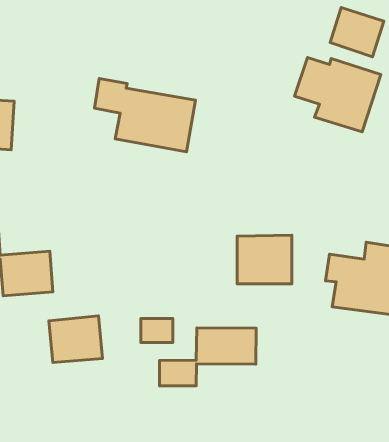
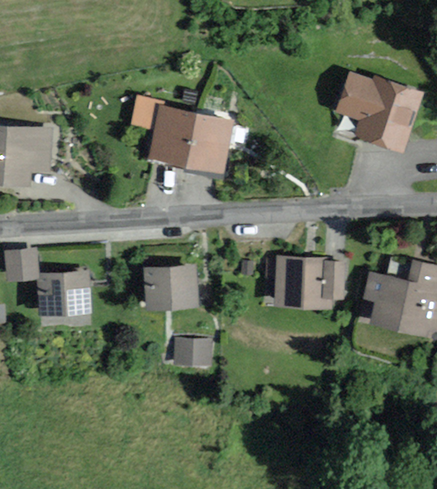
building: [330,8,384,57] -> none
building: [49,316,102,362] -> [143,265,197,312]
building: [159,328,256,386] -> none

